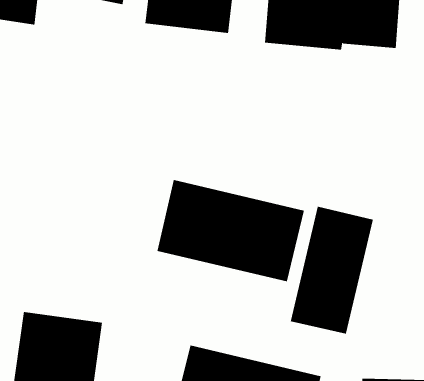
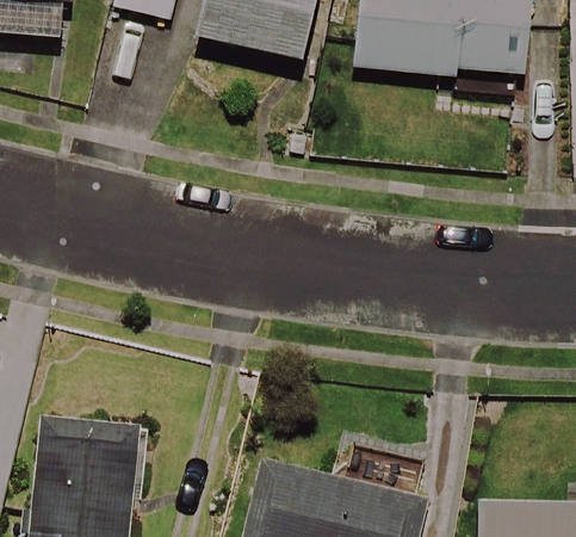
building: [157,179,304,282] -> none
building: [290,206,373,334] -> none

